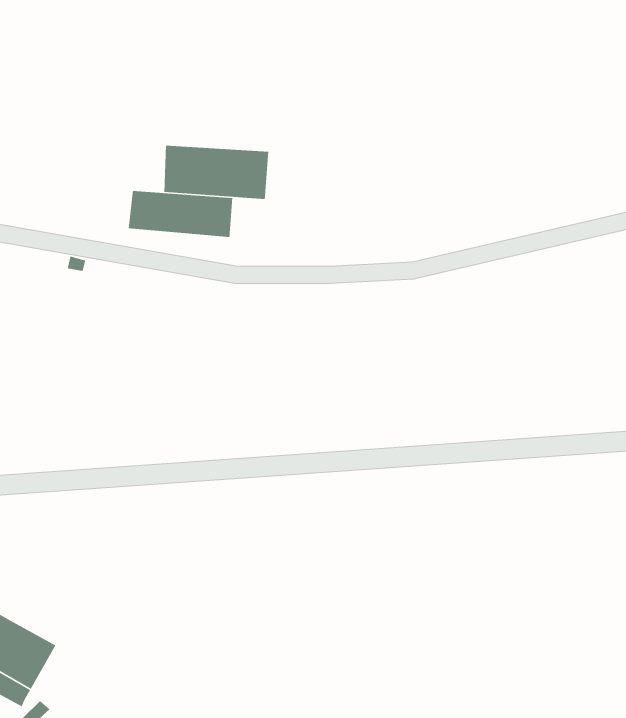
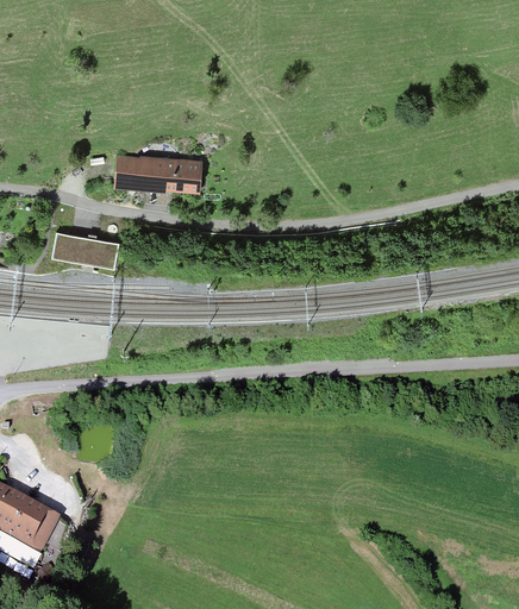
building: [163,145,269,200] -> none
building: none -> [52,230,120,268]

